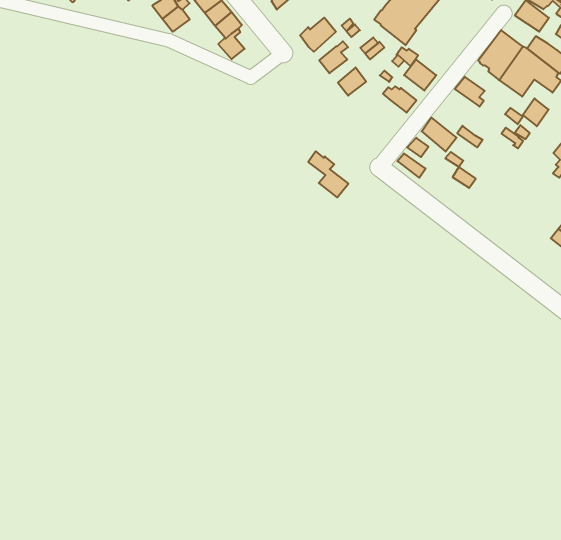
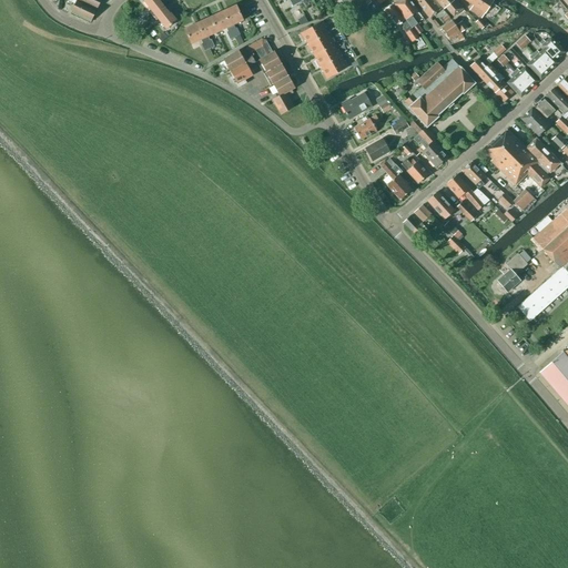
building: none -> [446,173,489,209]
building: [308,151,348,197] -> [382,158,412,199]
building: none -> [498,250,531,291]

